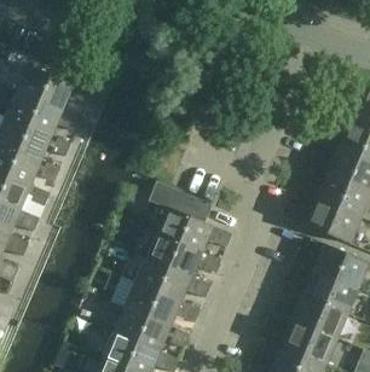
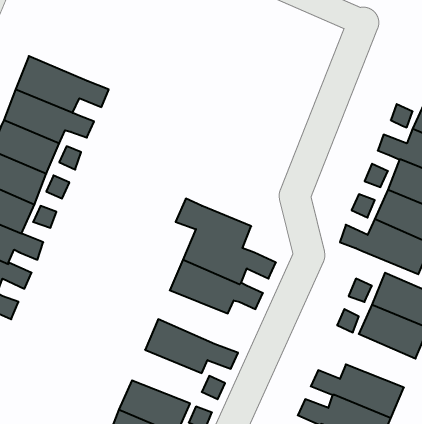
building: [135,257,212,302] -> none
building: [273,293,349,338] -> none
building: [114,307,172,351] -> none

